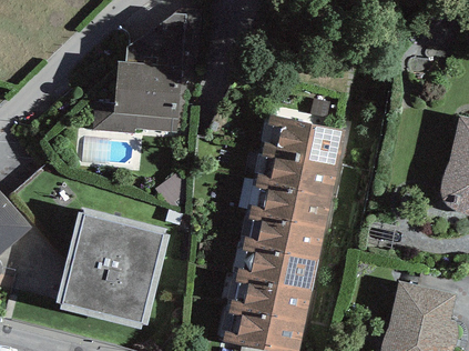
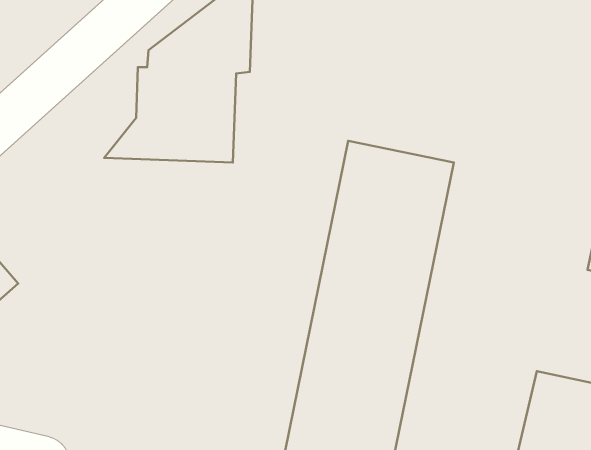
building: [59,211,166,329] -> none

